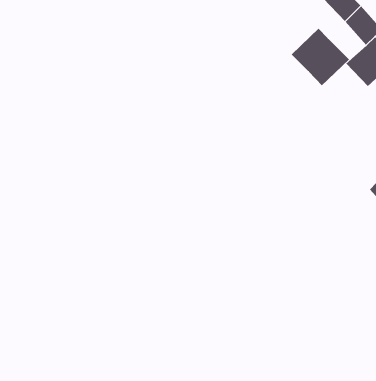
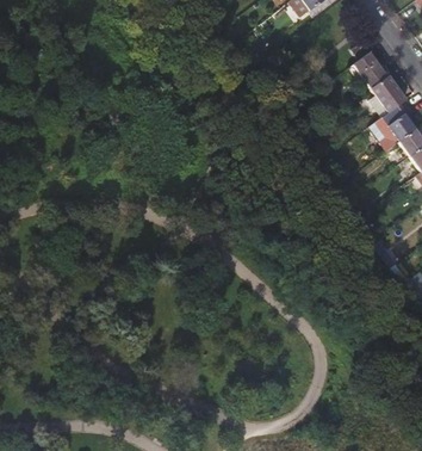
building: [291,28,350,86] -> none

